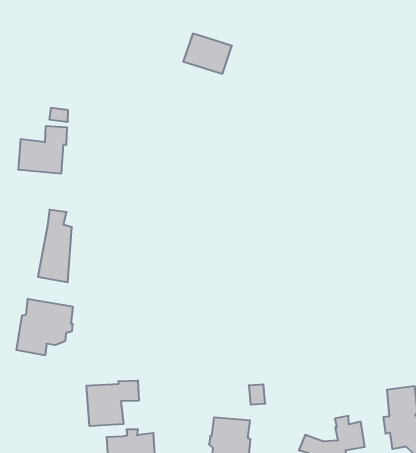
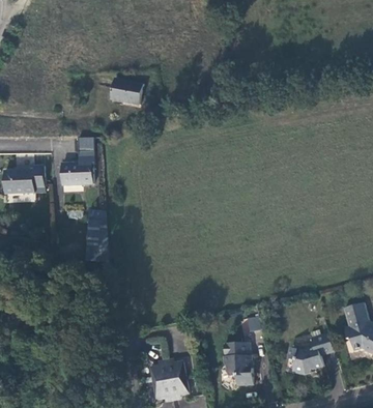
building: [183,34,232,74] -> [110,79,143,105]
building: [16,299,73,355] -> none
building: [86,380,139,426] -> none

